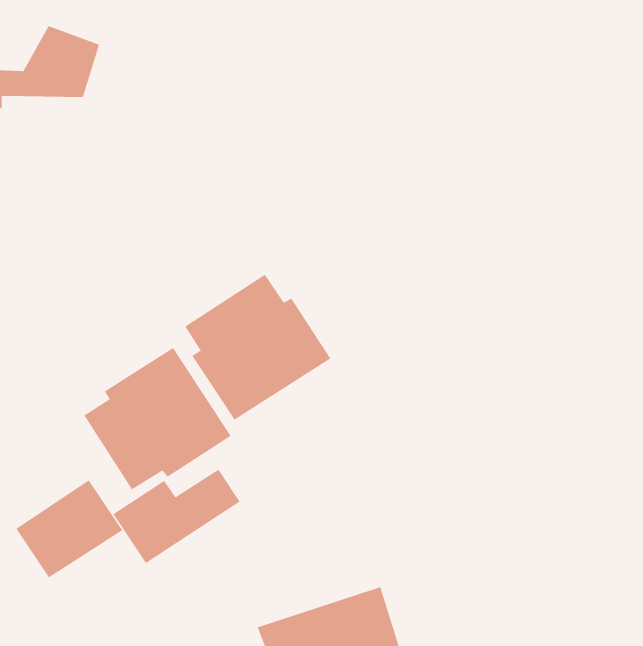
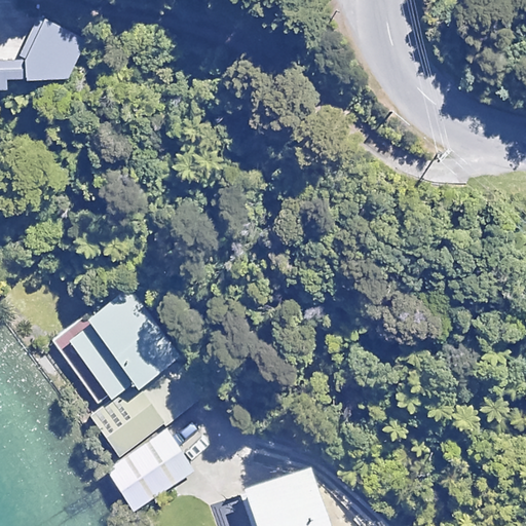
building: [184,274,331,421] -> none
building: [16,479,123,578] -> [104,430,191,511]

